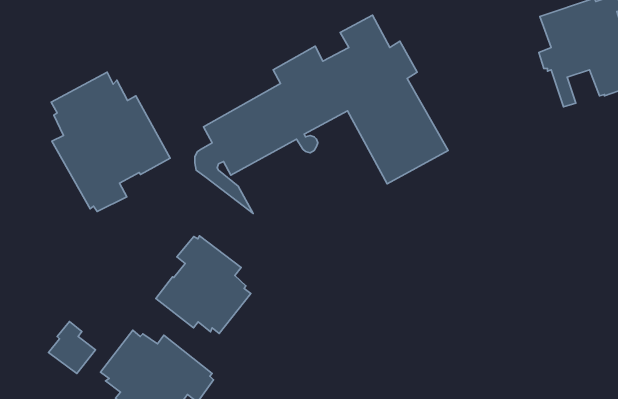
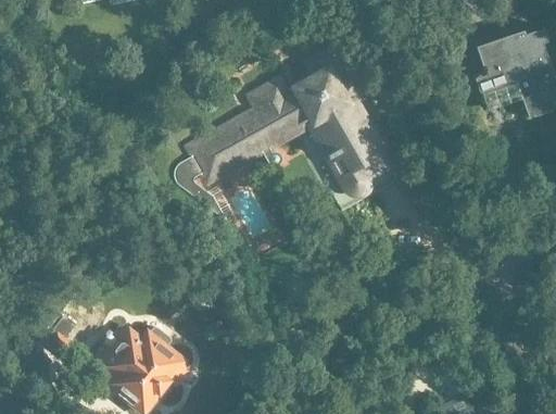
building: [51,72,170,212] -> none
building: [156,236,251,334] -> none

